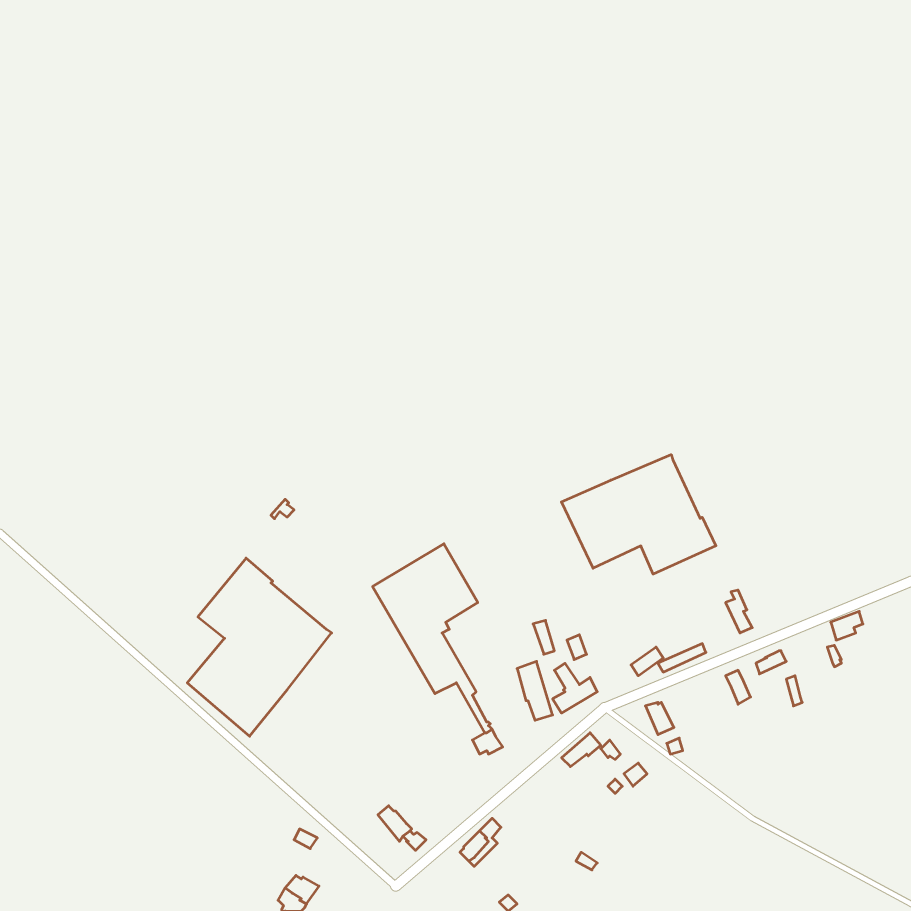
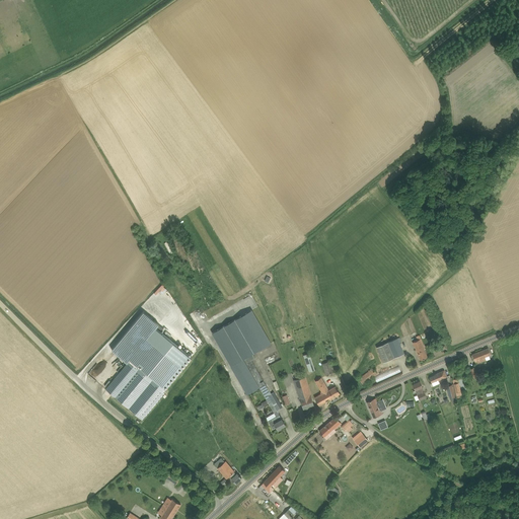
building: [561,455,716,574] -> none
building: none -> [377,337,404,363]

